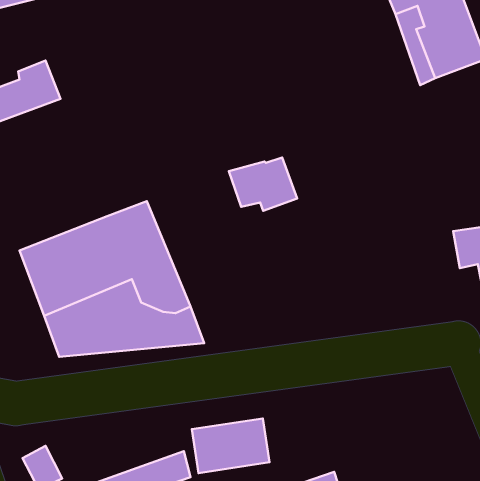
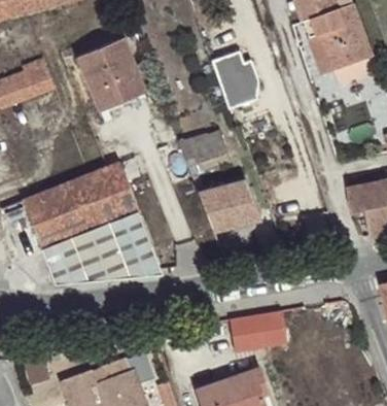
building: none -> [77,37,146,110]
building: none -> [211,53,257,110]
building: none -> [198,180,259,231]
building: [192,418,270,473] -> [228,311,287,352]

